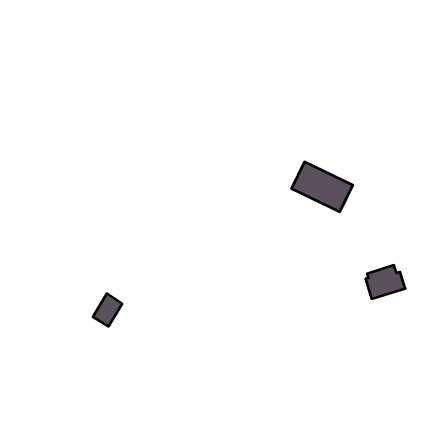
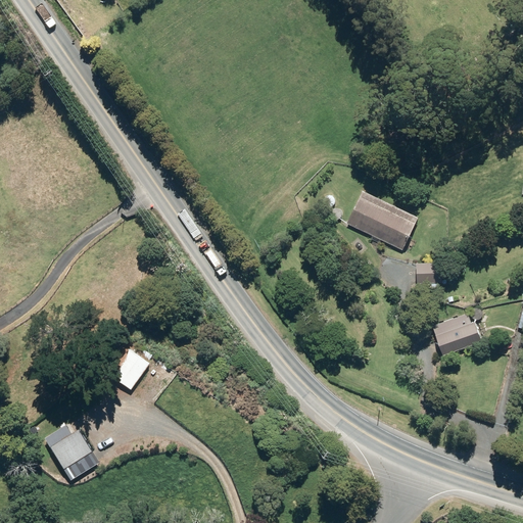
building: none -> [415,264,439,283]
building: none -> [46,420,95,473]

